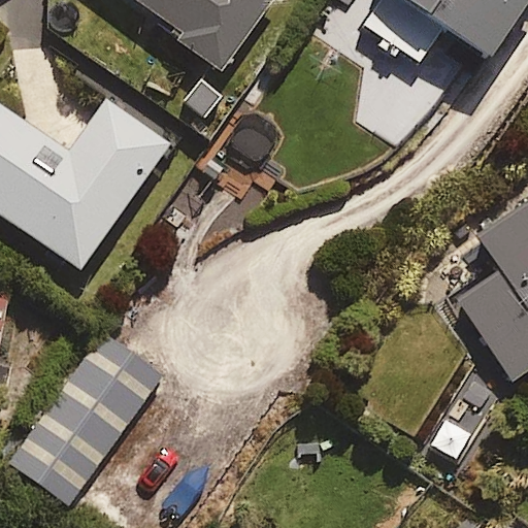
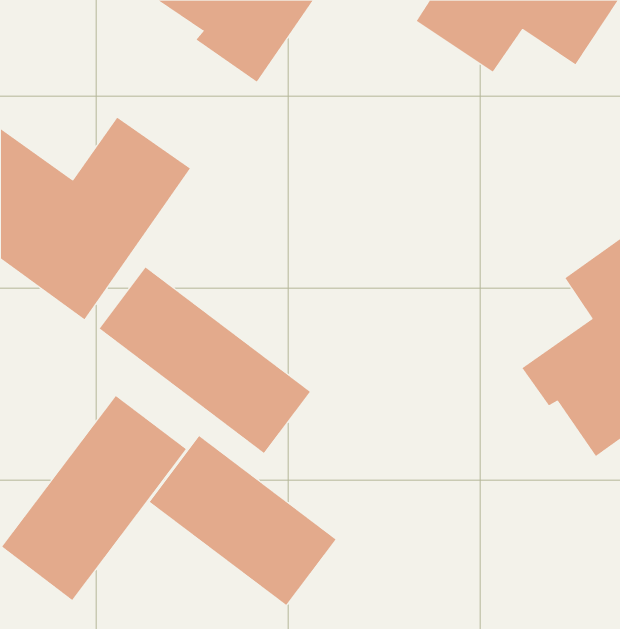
building: none -> [99,267,311,454]
building: none -> [149,435,337,606]

